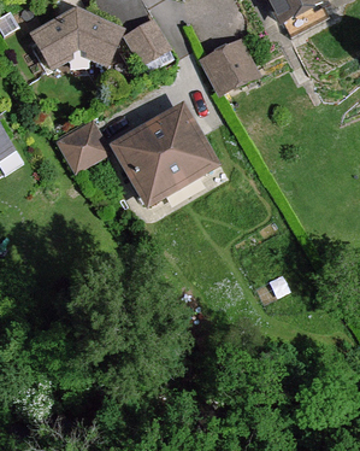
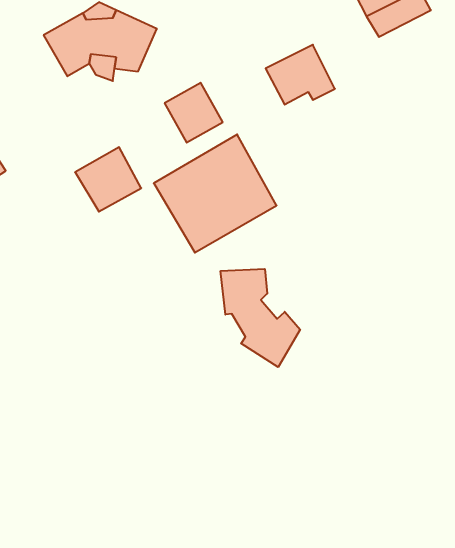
building: [125,18,170,64] -> [165,83,223,143]
building: none -> [221,269,300,367]

